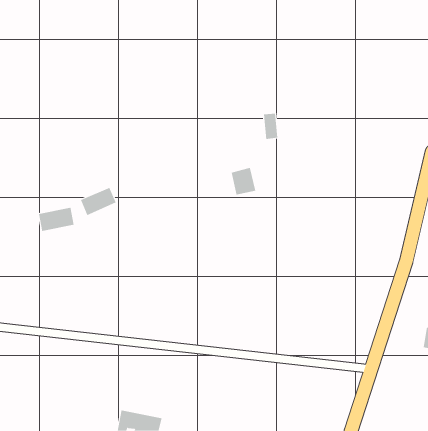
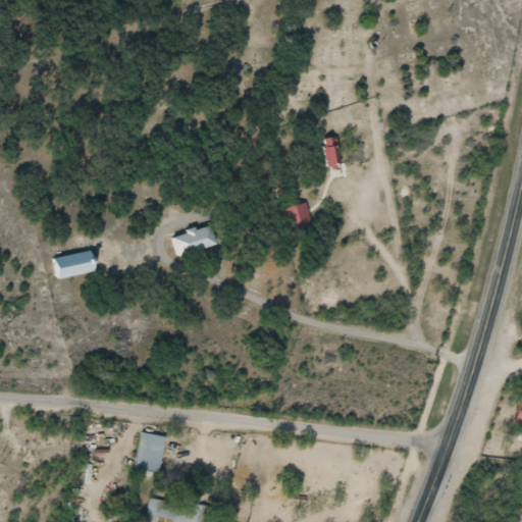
building: [80,187,117,216] -> [172,223,216,258]
building: none -> [136,431,166,471]

